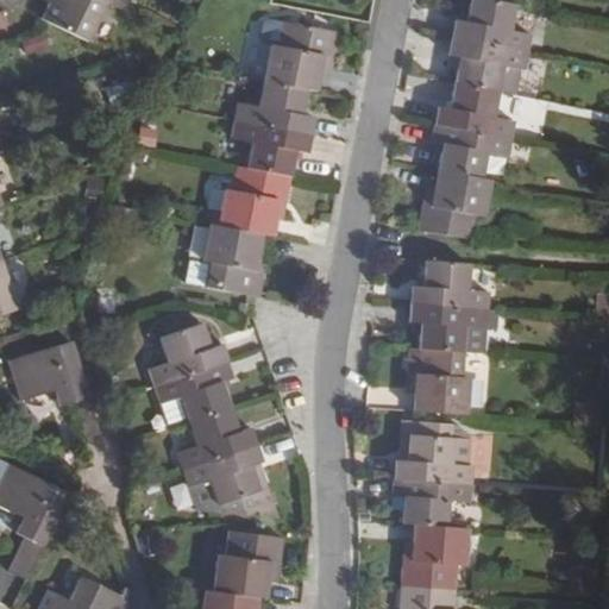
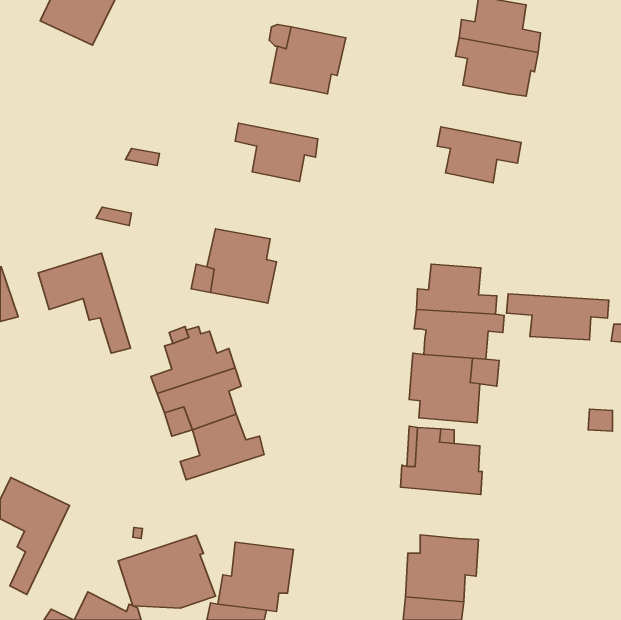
building: [234,81,316,136] -> none
building: [432,83,514,139] -> none
building: [219,165,294,236] -> none
building: [414,169,491,238] -> none
building: none -> [507,294,609,340]
building: [10,341,100,439] -> [38,253,131,353]
building: [183,444,278,515] -> [118,535,216,608]
building: [391,476,471,526] -> none

